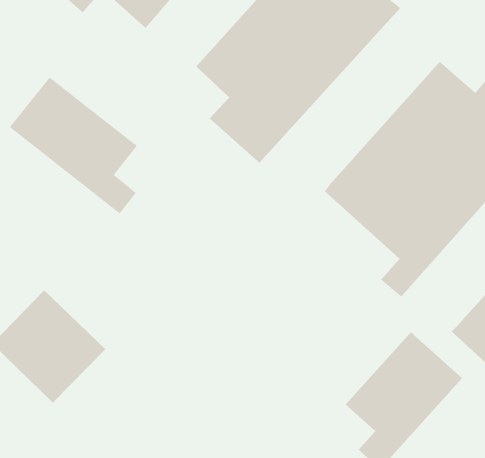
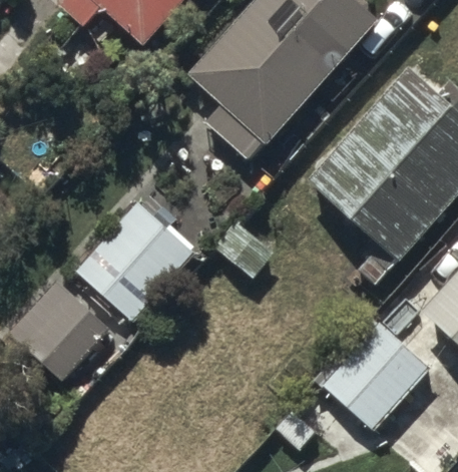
building: [9,77,138,215] -> none
building: none -> [77,194,201,320]

